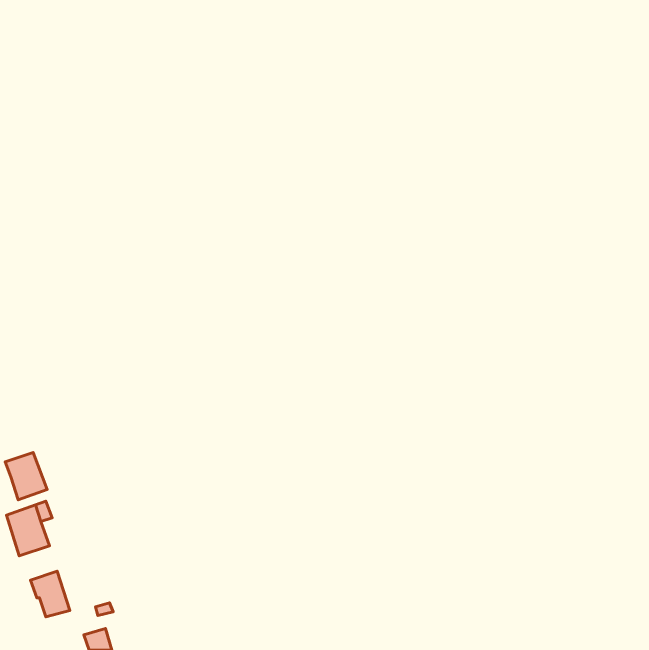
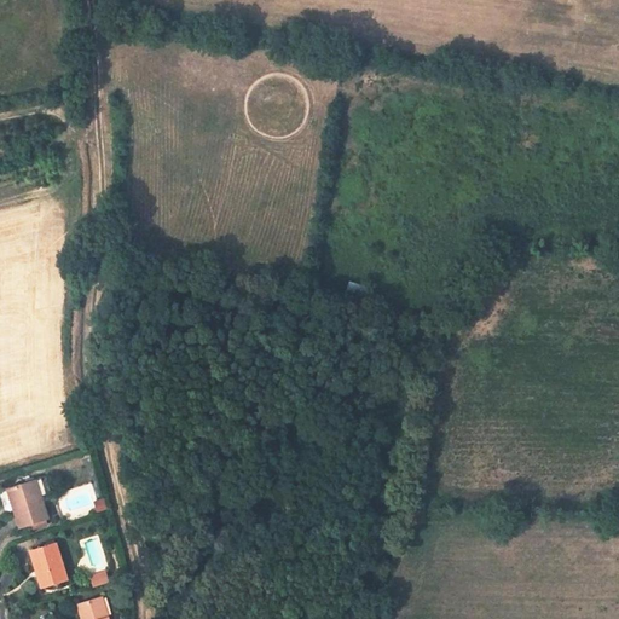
building: [5,452,47,500] -> none

